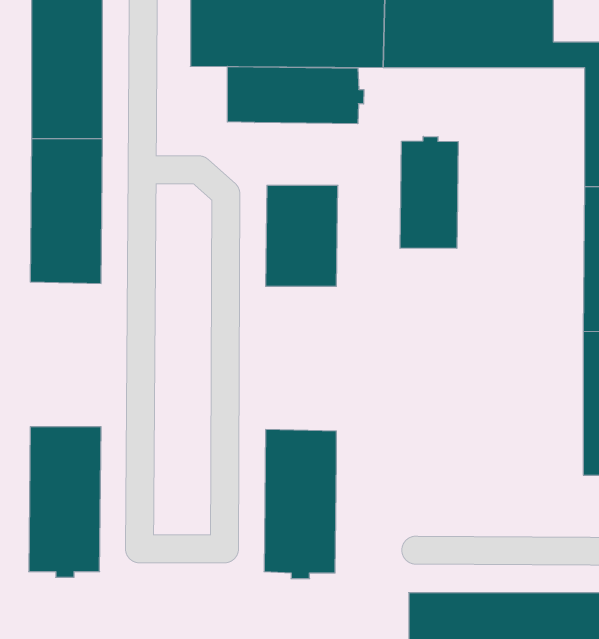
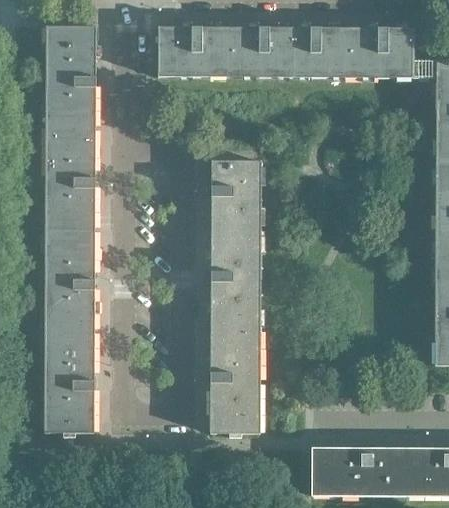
building: [227,66,364,124] -> none
building: [400,136,458,248] -> none
building: none -> [45,228,95,330]
building: none -> [211,231,261,333]

